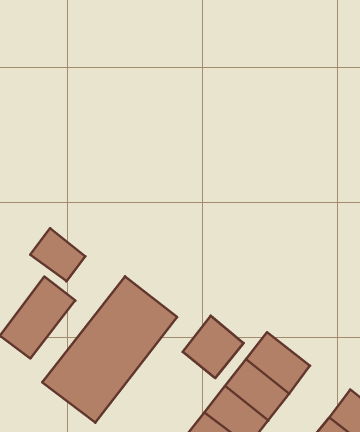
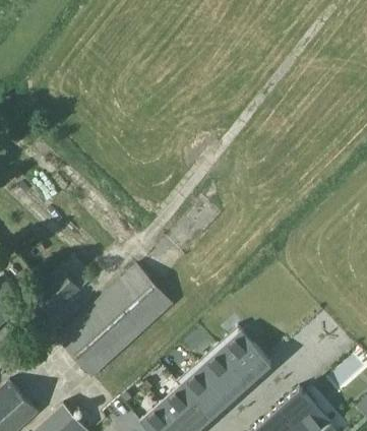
building: [30,228,85,281] -> none
building: [183,316,244,378] -> none

